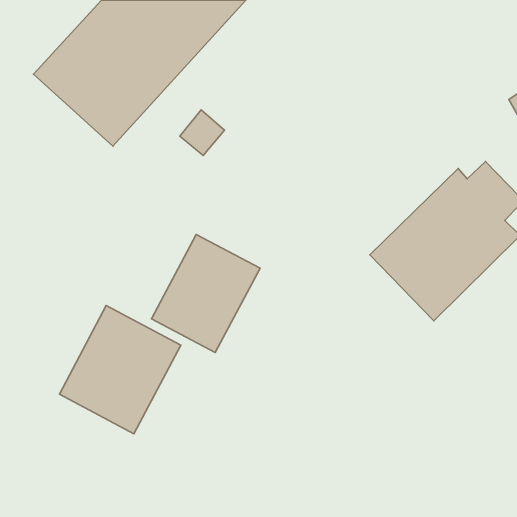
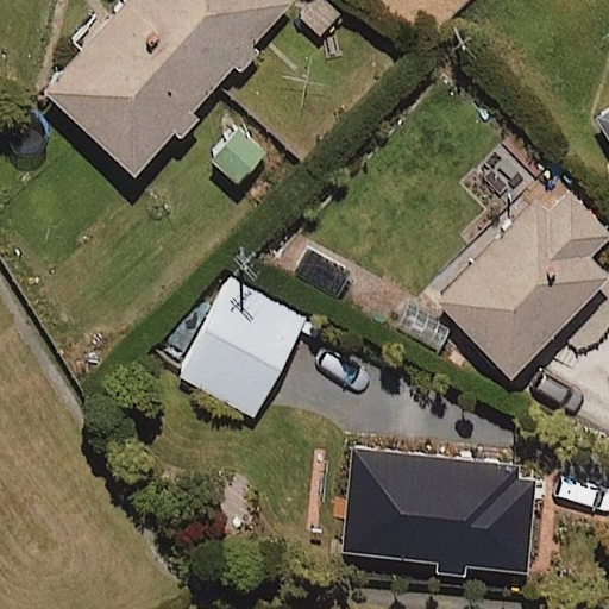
building: [59,305,181,434] -> none
building: none -> [343,448,535,578]

